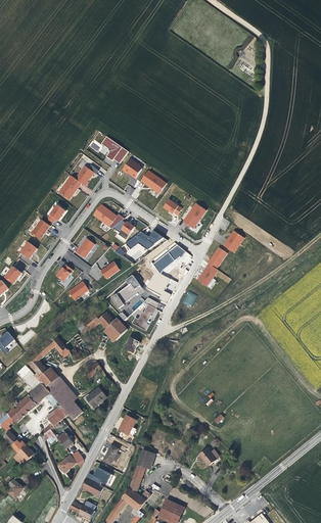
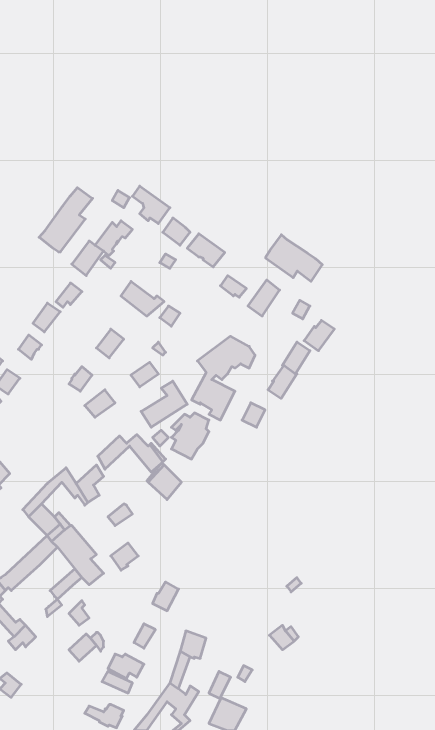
building: none -> [39,188,93,252]
building: none -> [266,235,322,281]
building: [126,231,164,250] -> none

